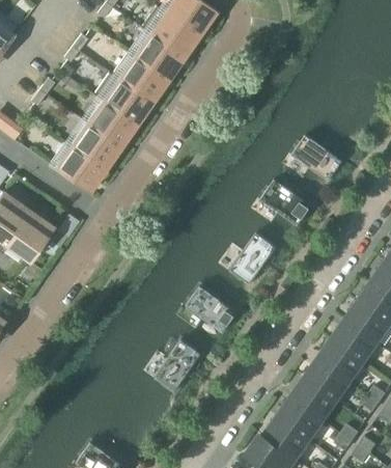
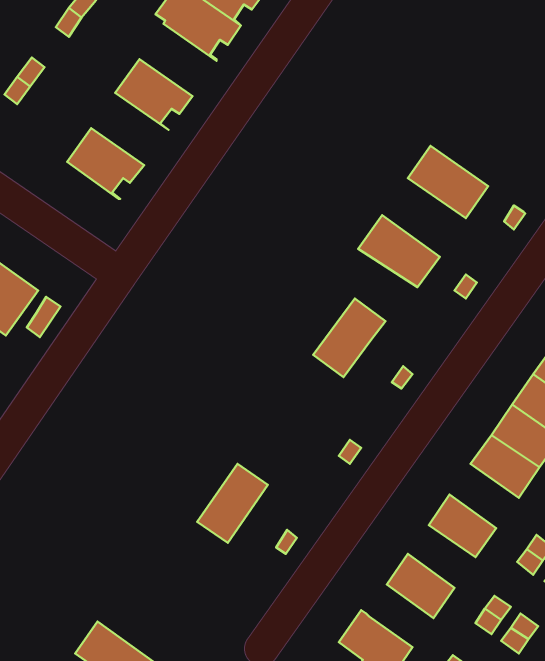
building: [112,52,167,102] -> none
building: [86,100,136,146] -> none
building: [50,142,104,189] -> none
building: [185,285,236,332] -> none
building: [317,339,362,381] -> none
building: [290,379,334,419] -> none
building: [263,417,307,458] -> none

